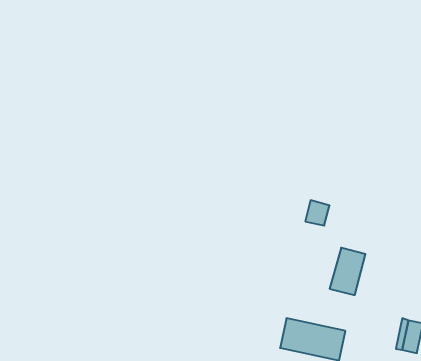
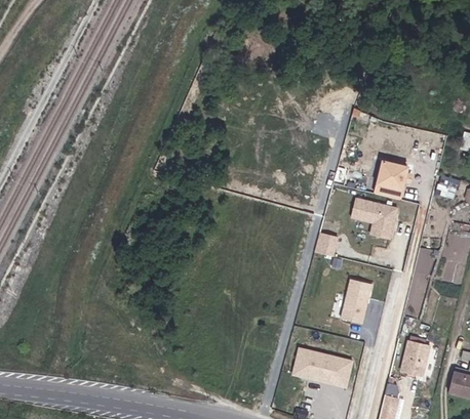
building: none -> [371,158,405,197]
building: none -> [350,197,397,238]

